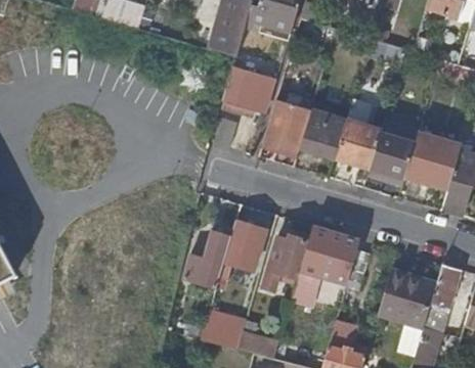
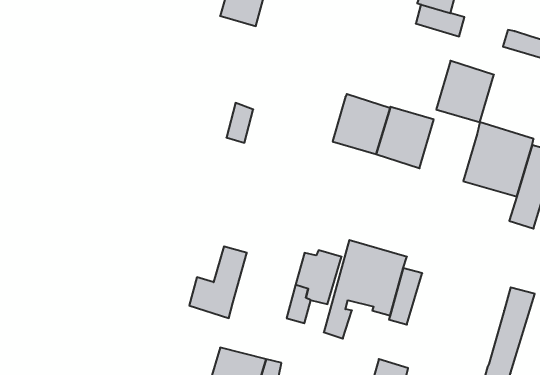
building: [226,65,276,111] -> none
building: [262,101,309,152] -> none
building: [369,130,415,179] -> [436,61,494,122]
building: [219,220,265,277] -> none
building: [378,269,436,325] -> none

